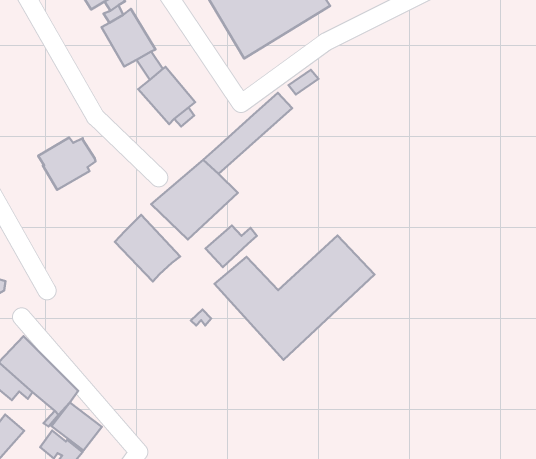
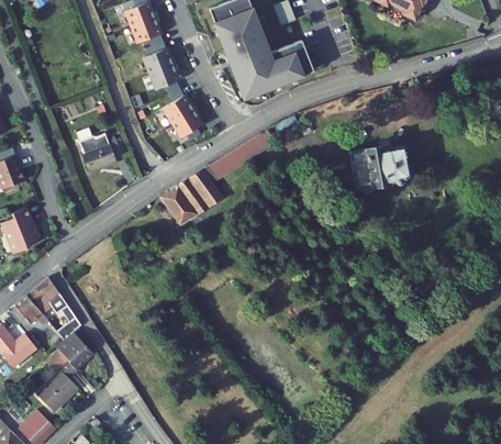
building: none -> [350,146,414,195]
building: [115,215,180,281] -> none
building: [205,226,257,267] -> none
building: [215,235,375,360] -> none

